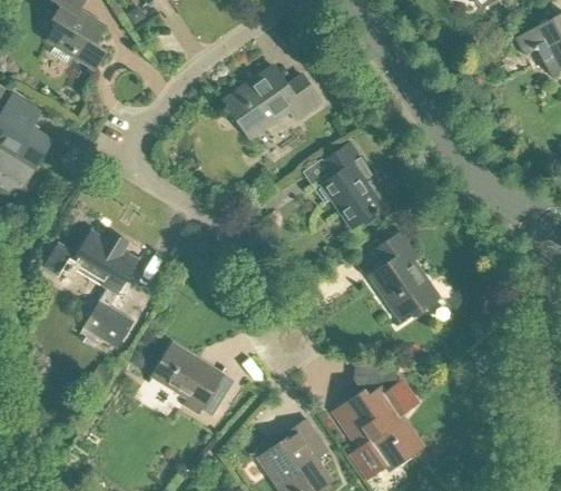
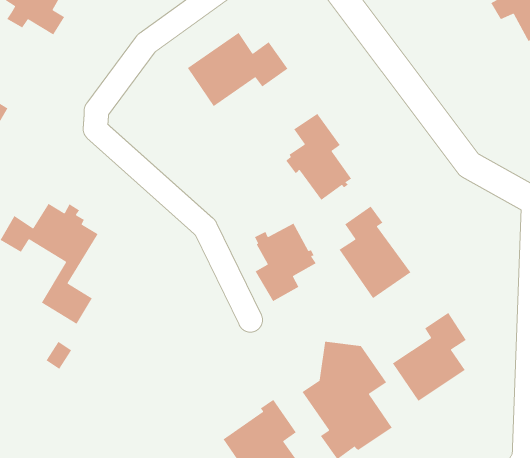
building: none -> [254,223,317,302]
building: none -> [392,312,467,402]
building: [148,343,226,415] -> none

